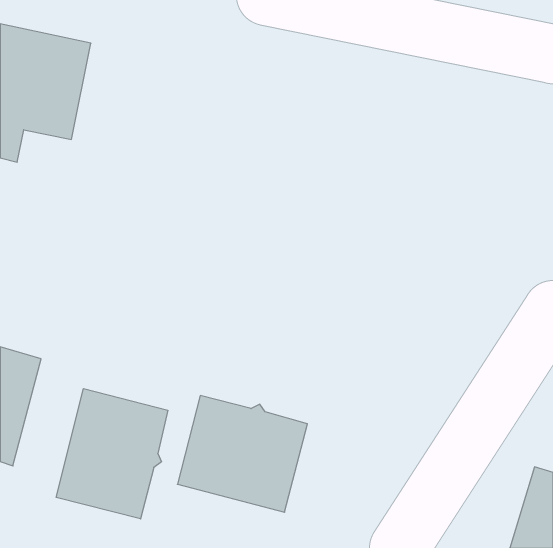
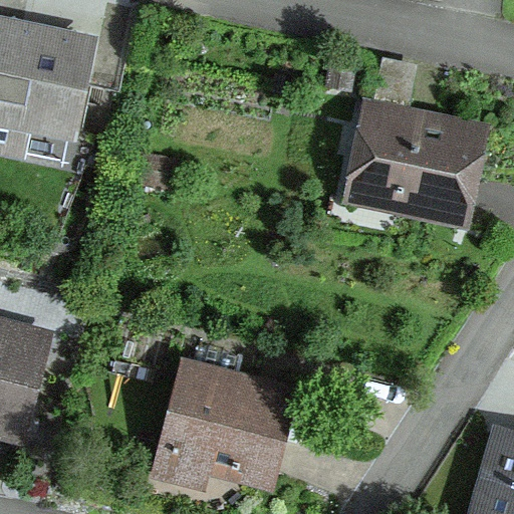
building: none -> [352,108,474,214]
building: [56,389,168,519] -> none

